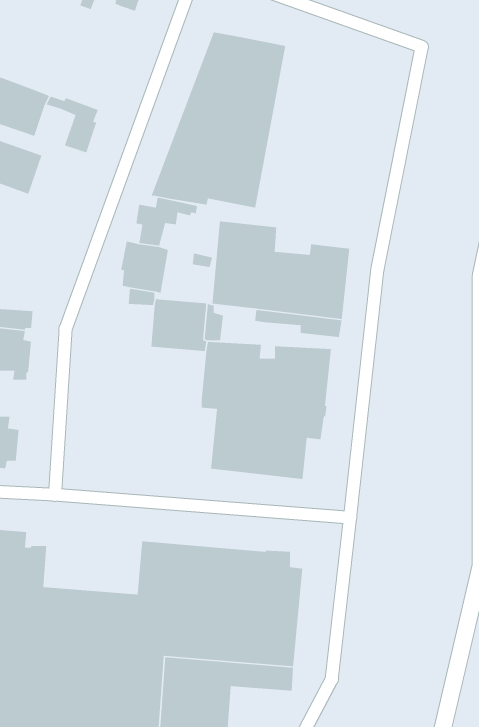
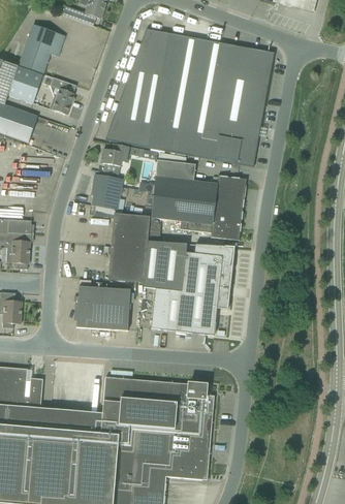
building: none -> [19,25,64,73]
building: none -> [182,41,270,164]
building: none -> [107,246,148,282]
building: none -> [73,286,130,330]

